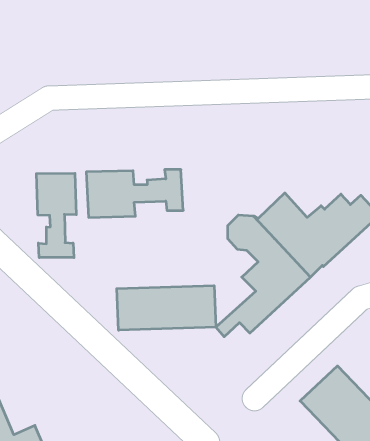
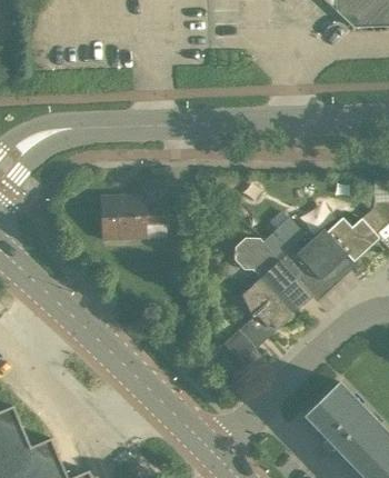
building: [36,173,76,258] -> none
building: [117,286,216,330] -> none

